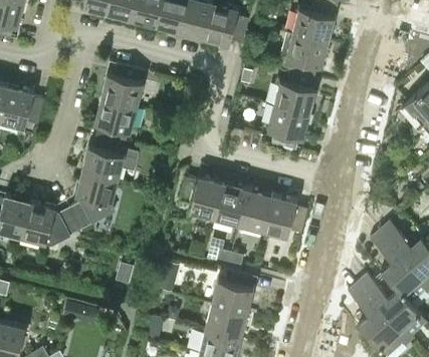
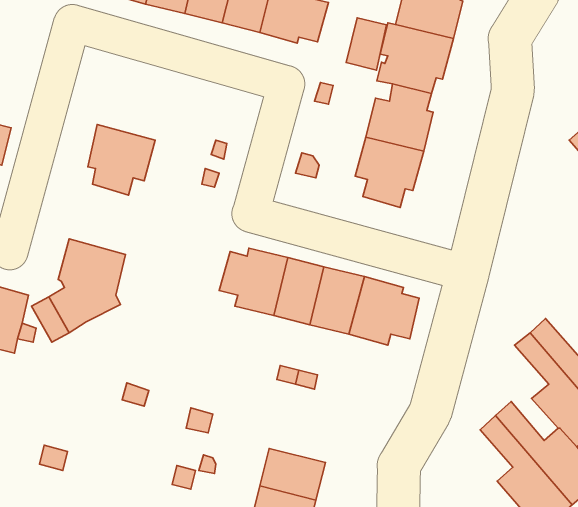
building: none -> [346,18,386,70]
building: [100,62,144,106] -> none
building: [82,134,140,180] -> none
building: [211,269,254,313] -> none

